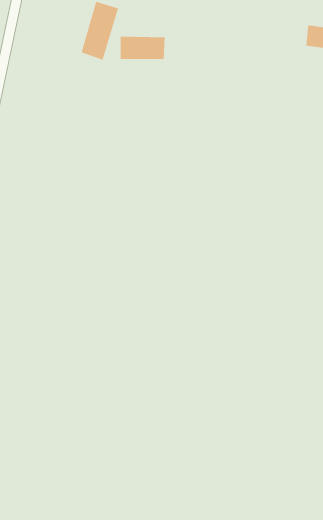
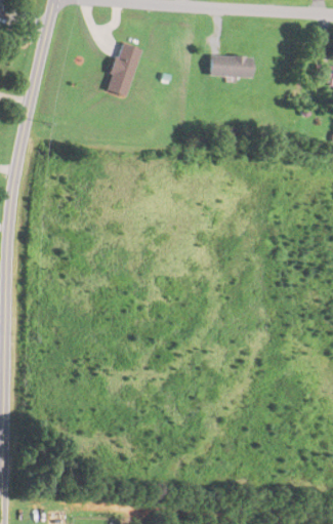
building: [120,36,166,59] -> [210,55,252,77]

